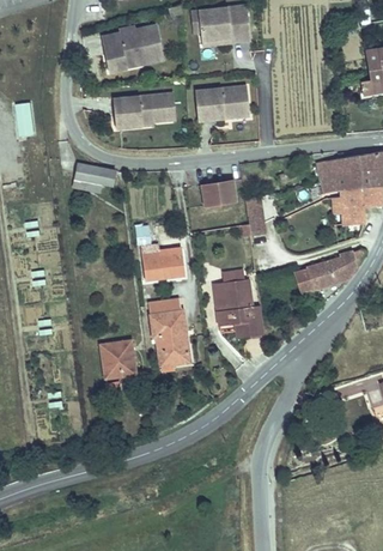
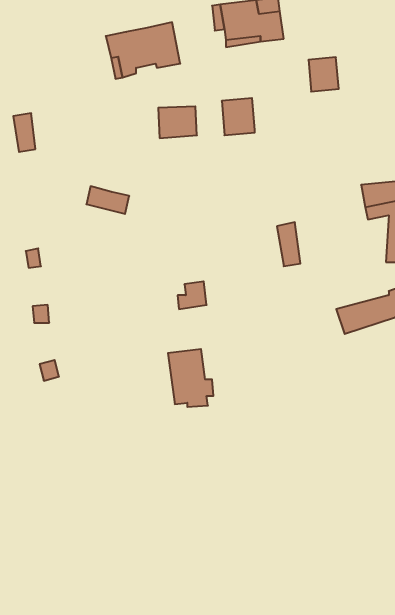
building: [223,86,249,116] -> [308,57,339,92]
building: [113,97,142,129] -> none
building: [201,184,236,208] -> none
building: [140,240,165,273] -> none
building: [218,281,267,341] -> none
building: [98,333,132,368] -> none

